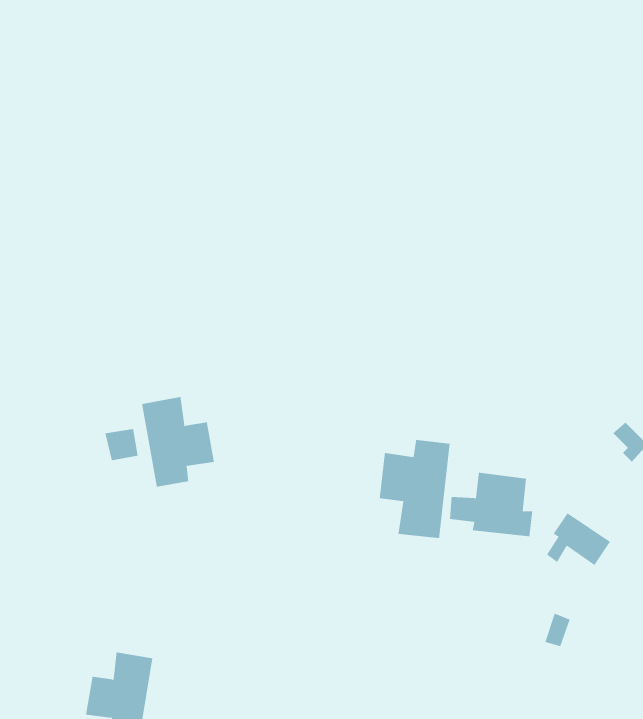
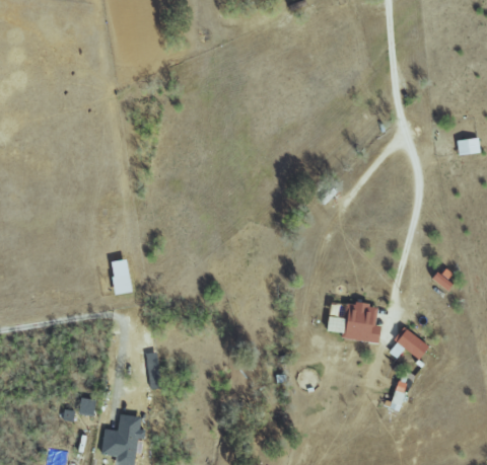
building: [142,396,214,487] -> none
building: [379,439,450,539] -> none

